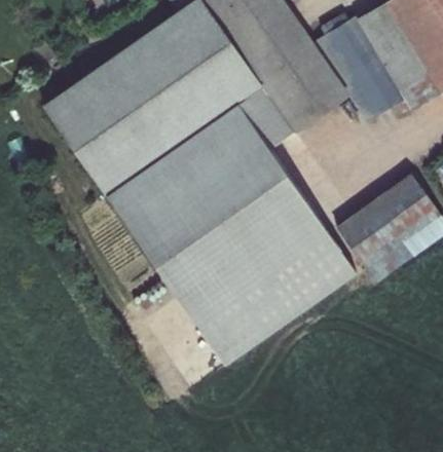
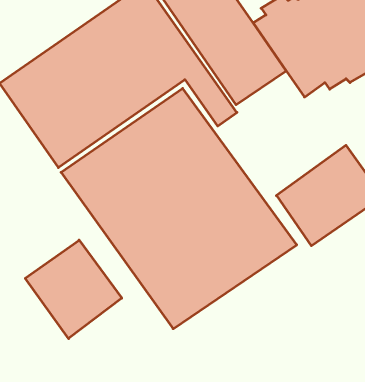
building: none -> [25,240,122,339]

